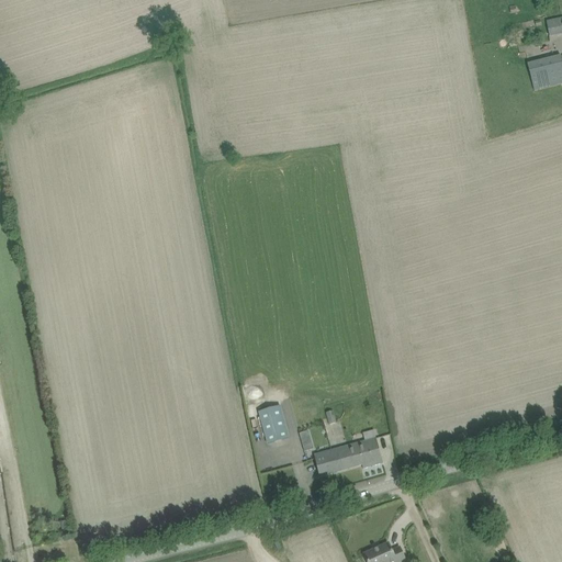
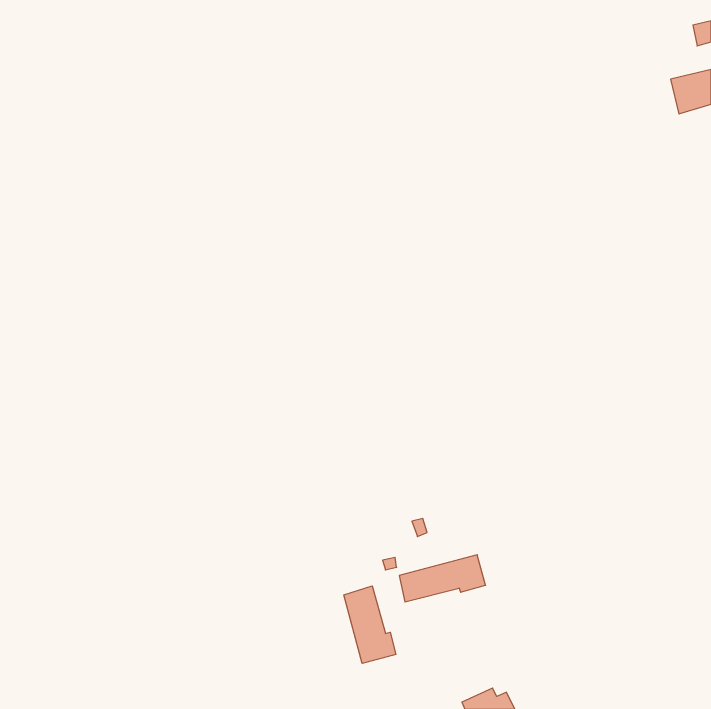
building: [258,405,288,441] -> none
building: none -> [344,586,396,663]

